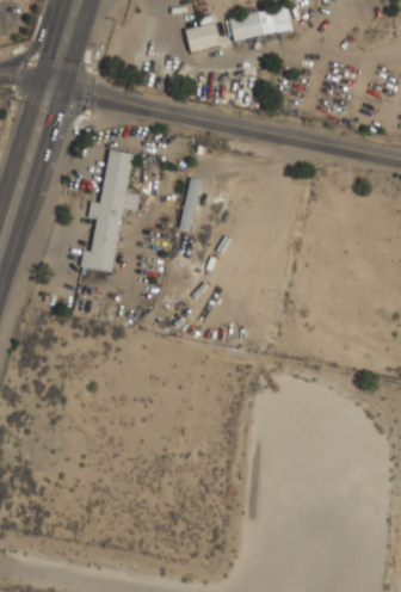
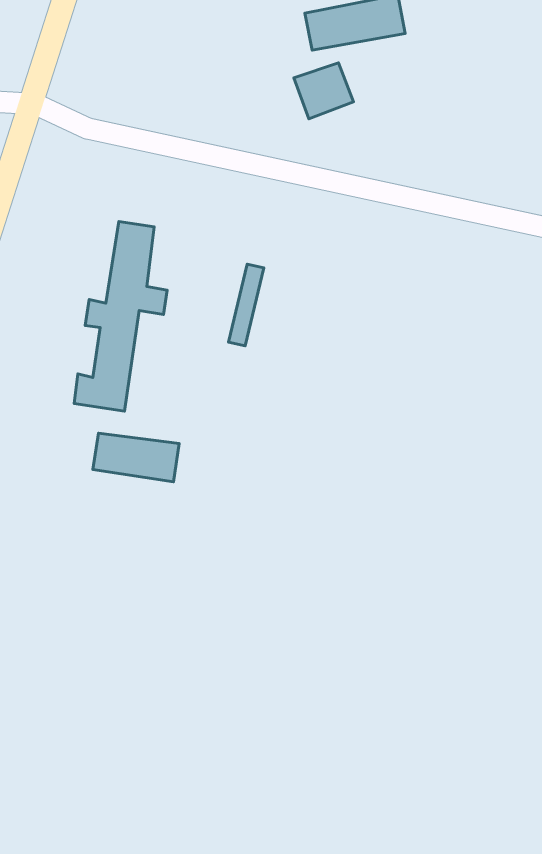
building: [183,18,221,54] -> [294,63,353,119]
building: none -> [93,433,179,482]

